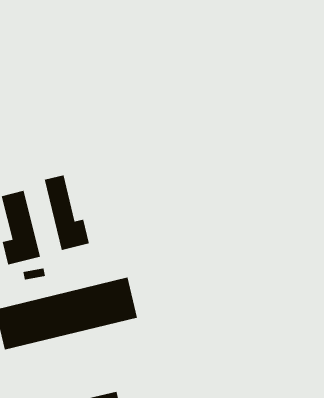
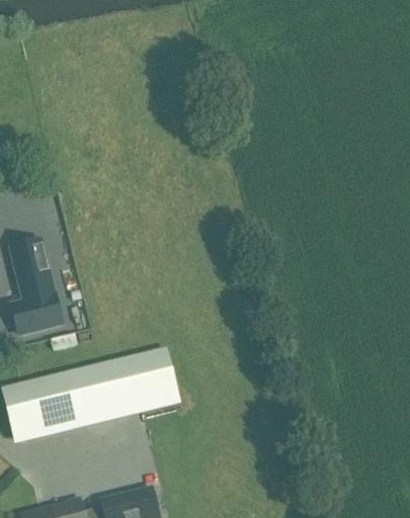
building: [44,174,89,251] -> none

